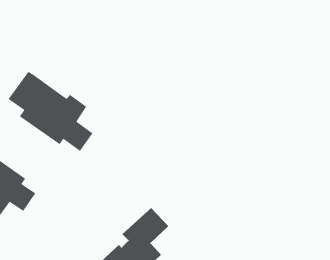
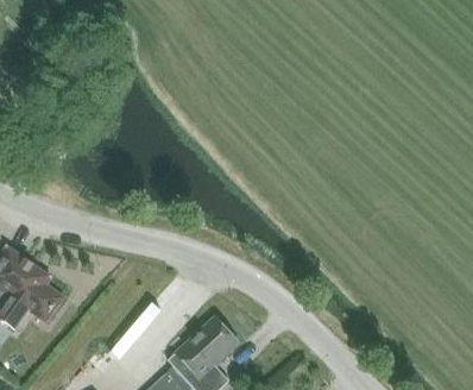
building: [8,71,93,152] -> none

